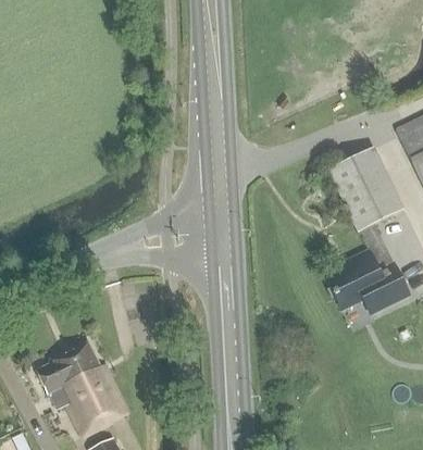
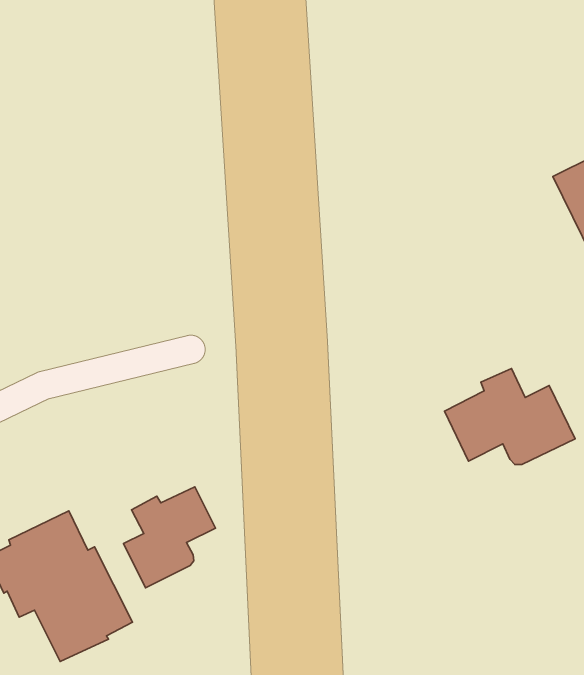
building: [327,147,405,232] -> none
building: none -> [123,487,216,588]

